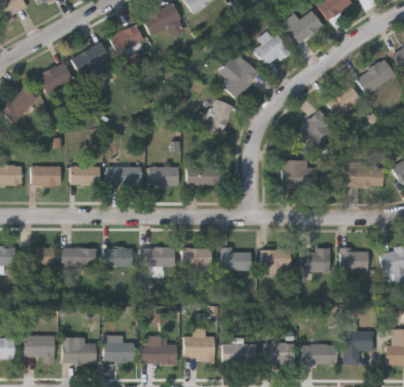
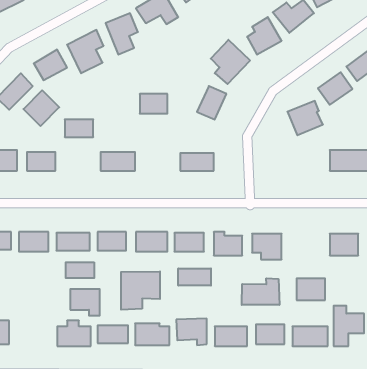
building: none -> [23,90,59,126]
building: [286,160,310,187] -> none
building: [70,166,99,184] -> [65,119,93,137]
building: [150,166,178,186] -> [140,94,167,114]
building: [300,249,329,271] -> [297,278,325,300]
building: none -> [66,262,94,278]
building: none -> [178,268,211,286]
building: none -> [121,271,160,310]
building: none -> [242,278,279,305]
building: [24,335,54,362] -> [70,289,100,316]

